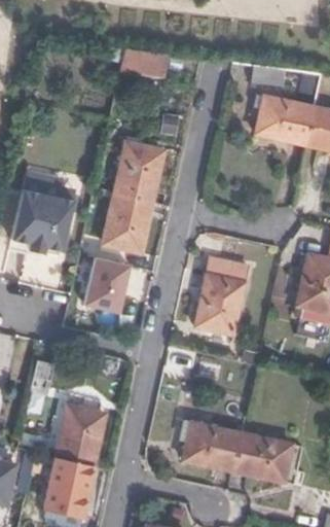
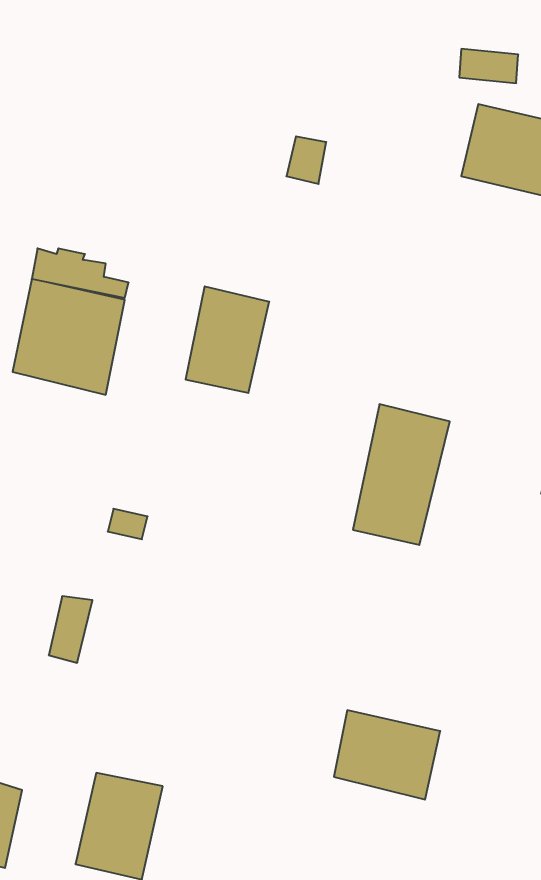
building: [122,48,166,74] -> none
building: [115,144,161,202] -> none
building: [84,257,130,312] -> none
building: [57,405,104,464] -> none
building: [234,434,292,483] -> none

